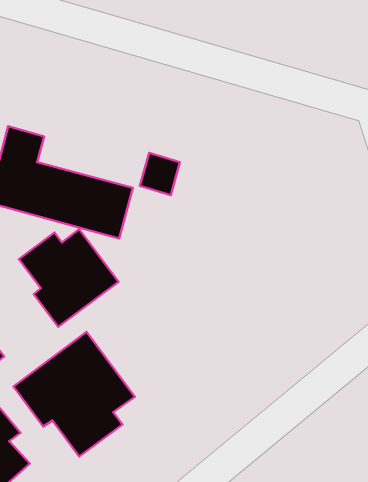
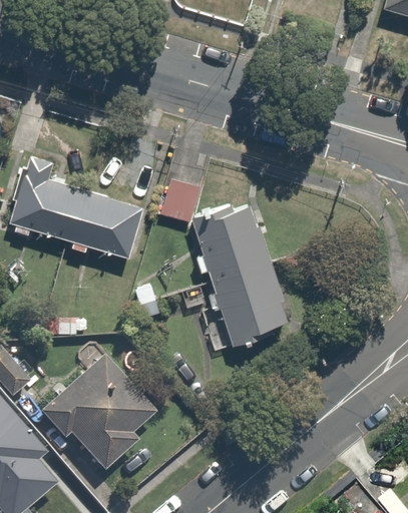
building: none -> [194,201,295,341]
building: [19,229,118,327] -> none

